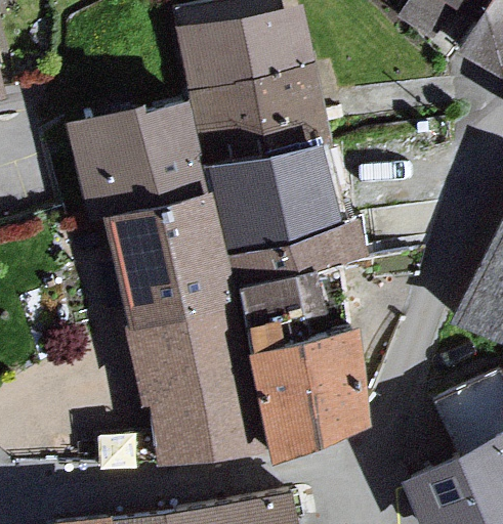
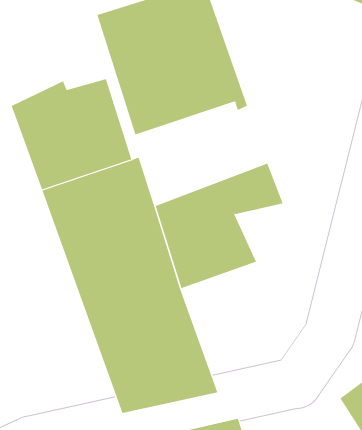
building: [208,143,343,246] -> none
building: [240,325,366,464] -> none

